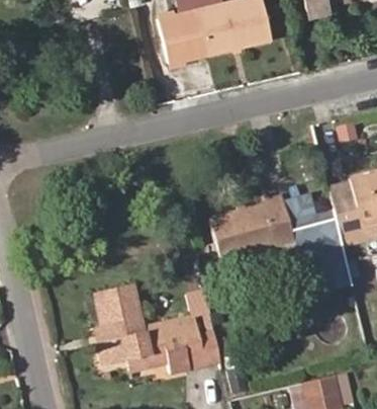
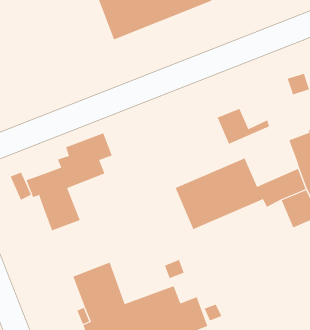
building: none -> [26,133,112,231]
building: [283,194,335,229] -> [217,108,270,144]

